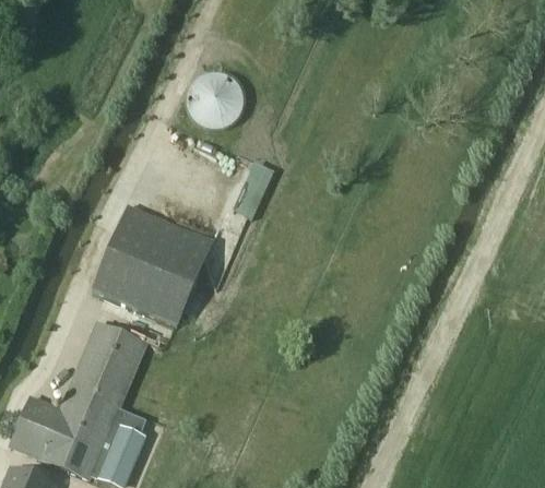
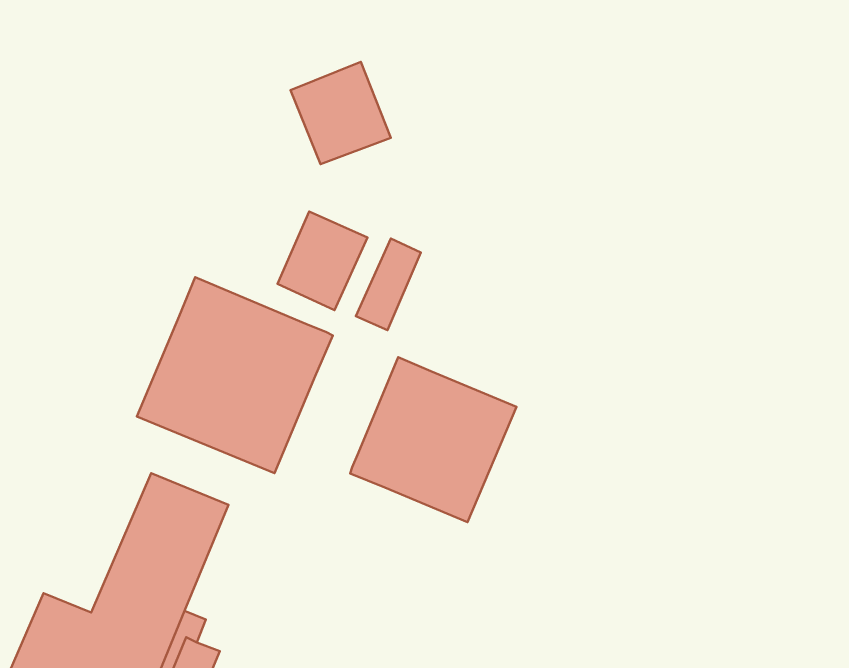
building: none -> [277,211,368,310]
building: none -> [350,357,517,522]

